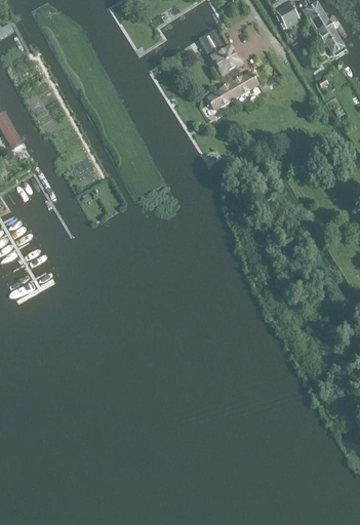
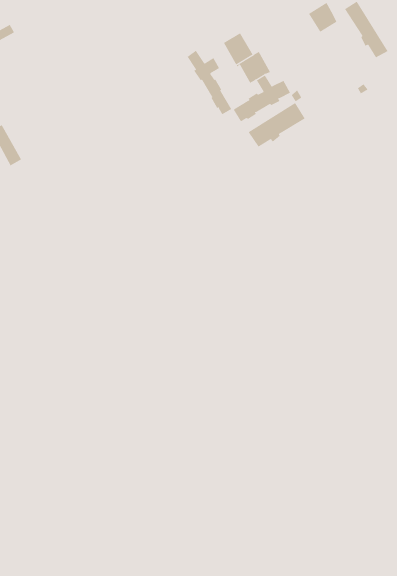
building: none -> [187,50,232,115]
building: none -> [248,102,306,147]

